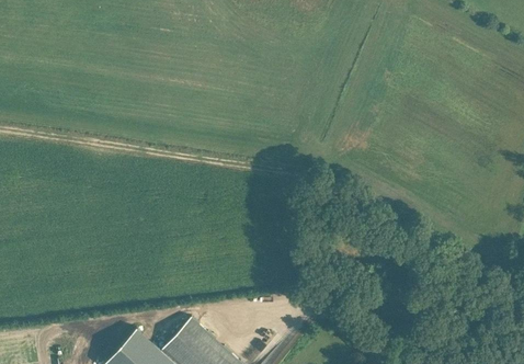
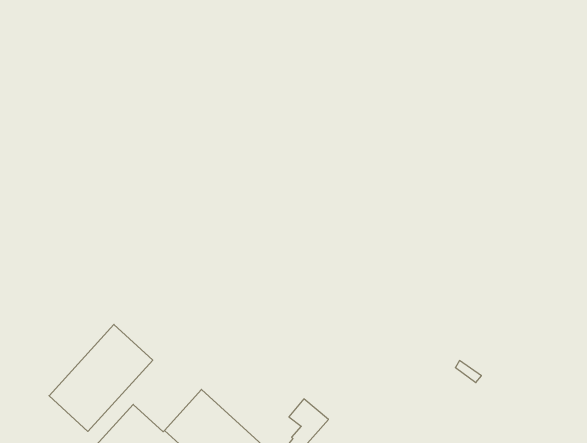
building: none -> [49,324,153,431]

